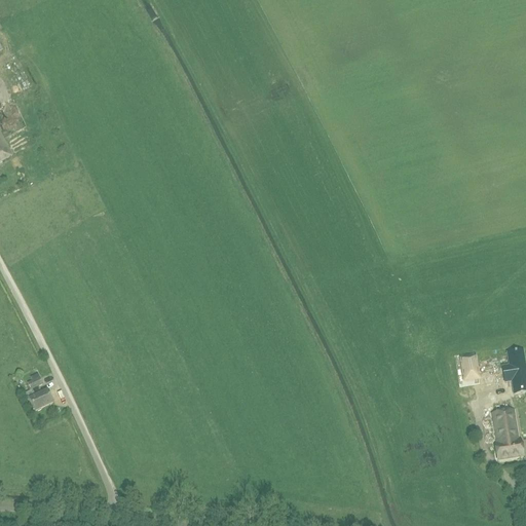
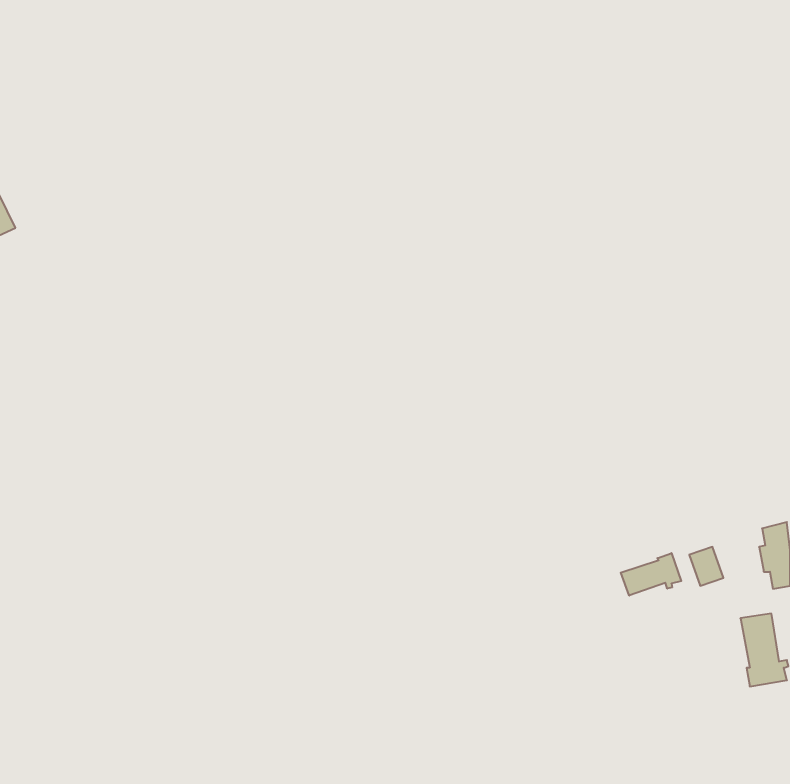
building: none -> [621,553,681,596]
building: [27,374,51,408] -> none

